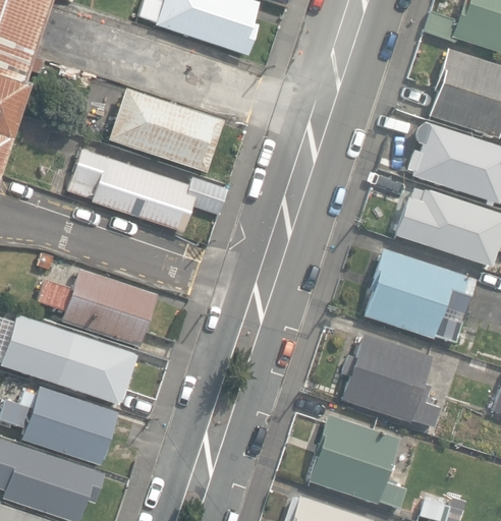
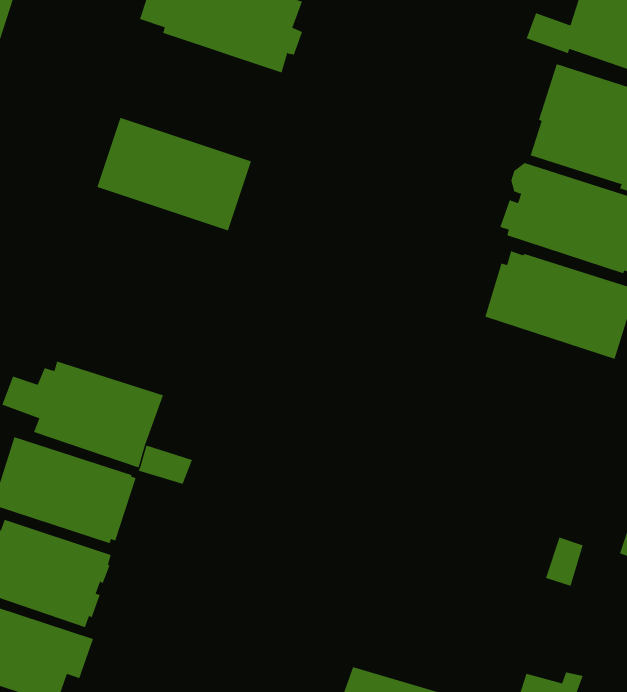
building: [68,148,229,231] -> none
building: [363,247,477,341] -> none
building: [340,332,439,426] -> none
building: [308,414,406,508] -> none

